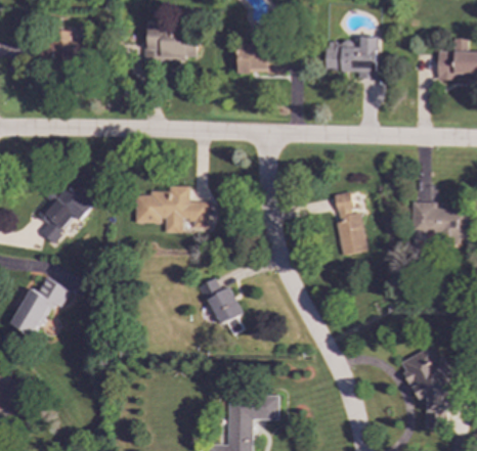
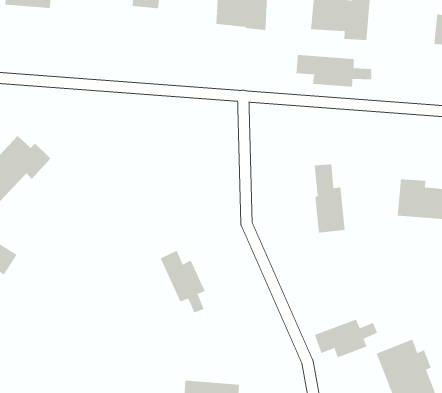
building: none -> [296,54,372,87]
building: [135,185,209,232] -> none
building: none -> [314,319,378,358]

